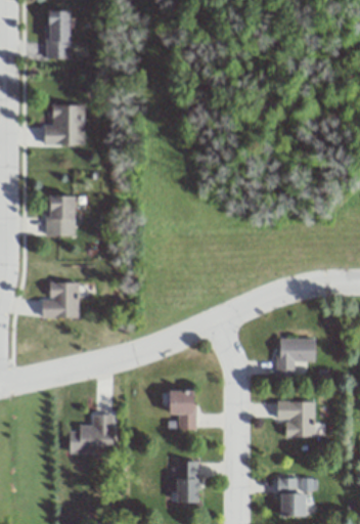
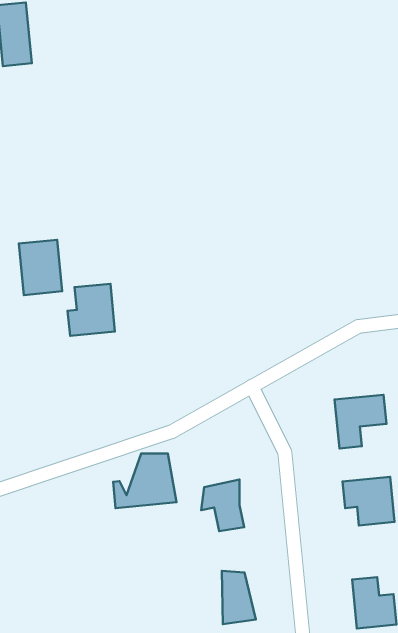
building: [45,103,86,143] -> none
building: [43,280,78,317] -> [68,284,115,336]
building: [68,410,115,450] -> [113,454,176,508]

